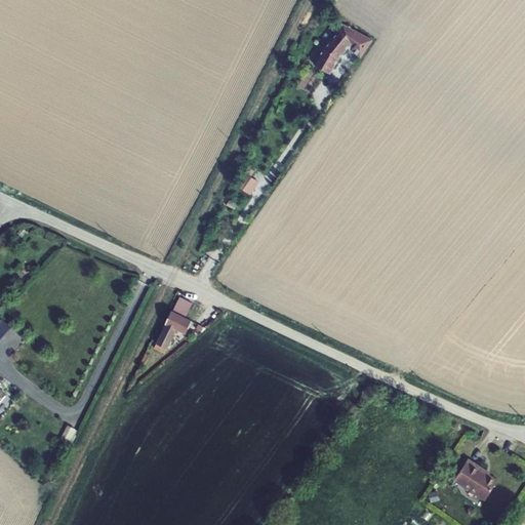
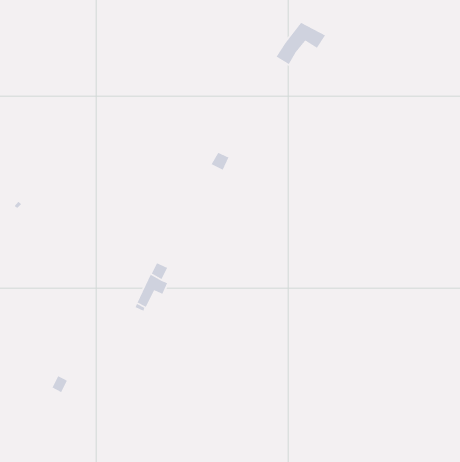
building: [452,459,496,500] -> none

